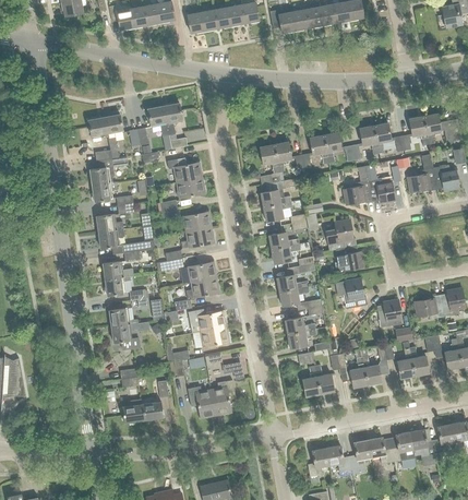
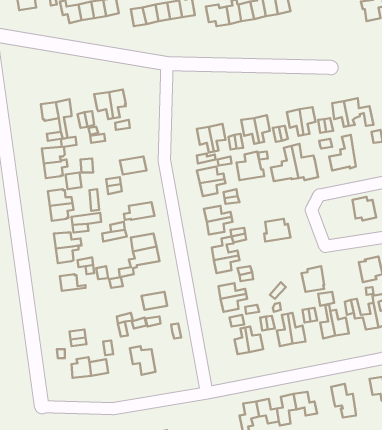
building: [168,156,202,181] -> none
building: [433,164,459,190] -> [353,197,376,221]
building: [182,211,211,231] -> none
building: [326,218,357,250] -> [237,152,264,180]
building: [336,277,368,308] -> none
building: [413,294,444,318] -> none
building: [188,308,226,332] -> none
building: [111,321,148,348] -> none
building: [211,379,235,415] -> none
building: [433,422,455,461] -> none
building: [391,431,415,461] -> none

